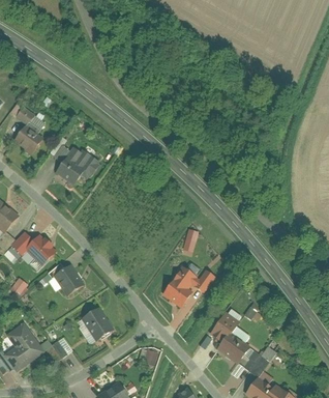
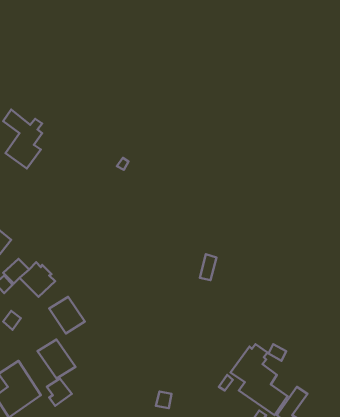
building: [49,137,100,187] -> none
building: [161,265,215,307] -> none
building: [82,308,115,342] -> [37,339,75,379]

